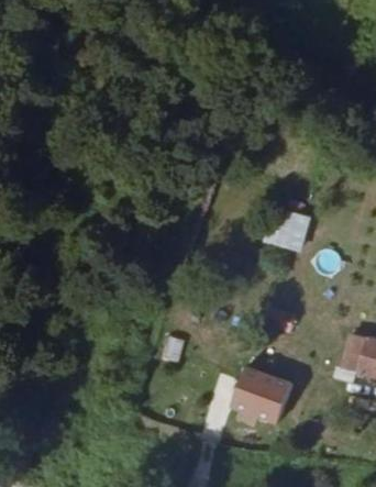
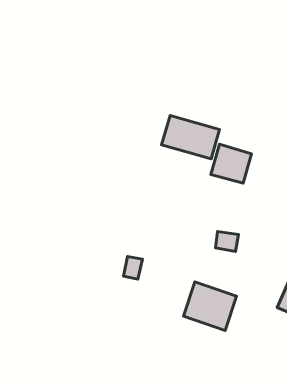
building: none -> [162,116,220,159]

